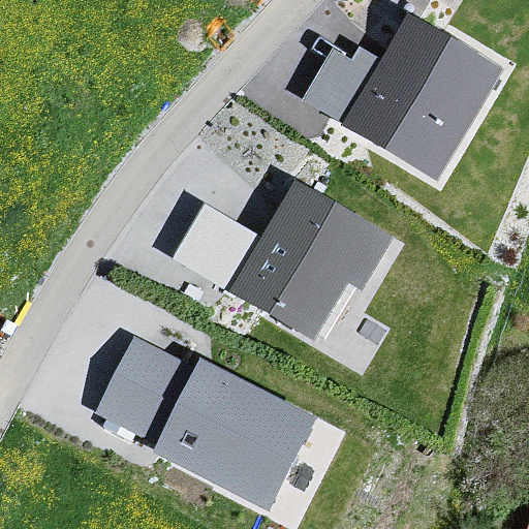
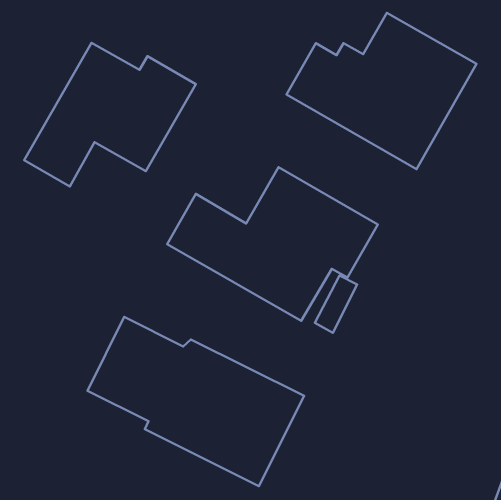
building: none -> [24,43,196,187]

